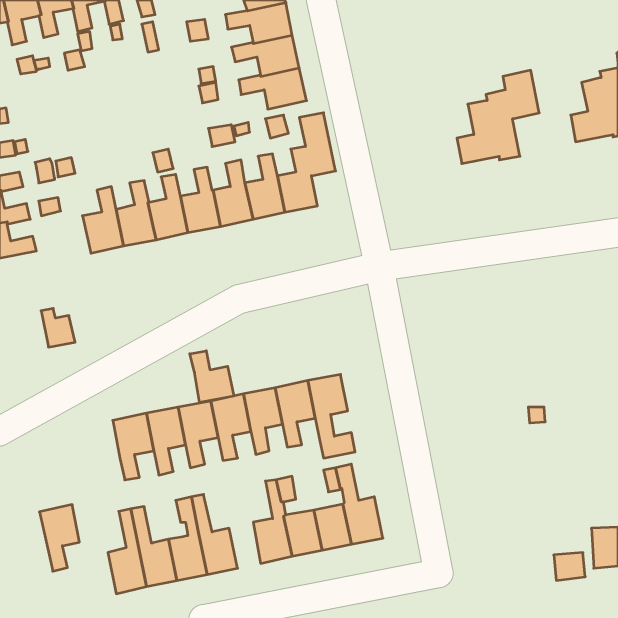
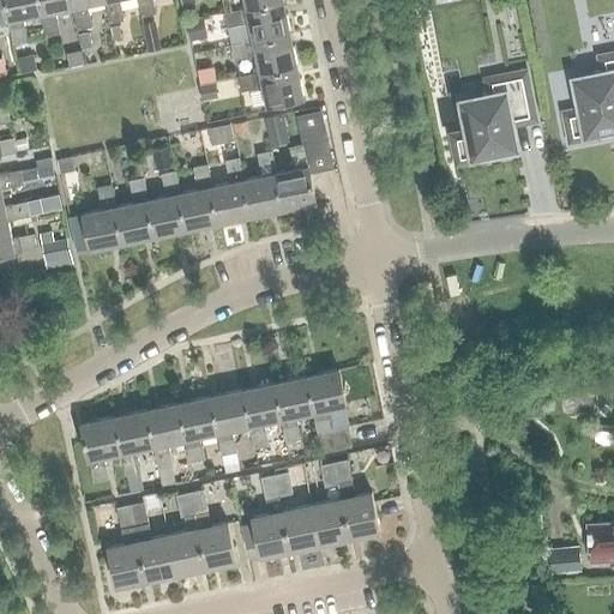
building: [41,308,75,347] -> [38,233,72,271]
building: [190,351,234,402] -> none
building: [39,505,79,571] -> [79,417,119,483]

